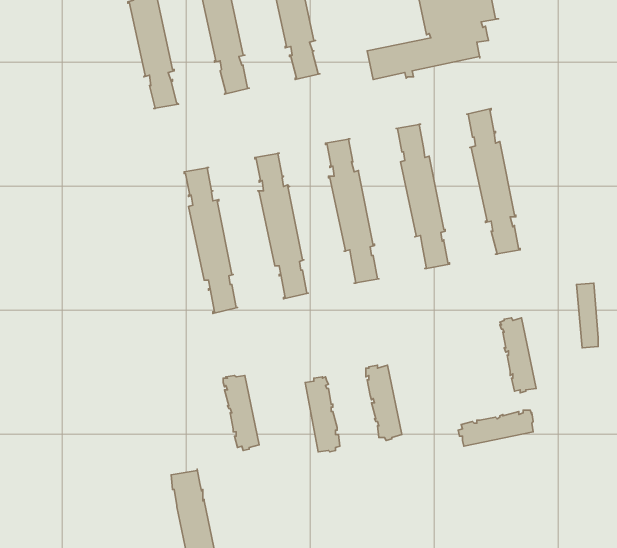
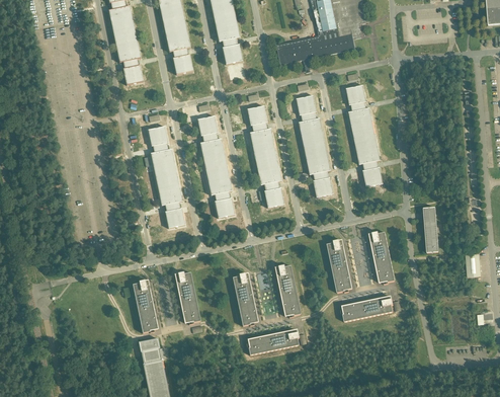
building: none -> [327,239,352,292]
building: none -> [133,280,158,332]
building: none -> [246,329,299,354]

